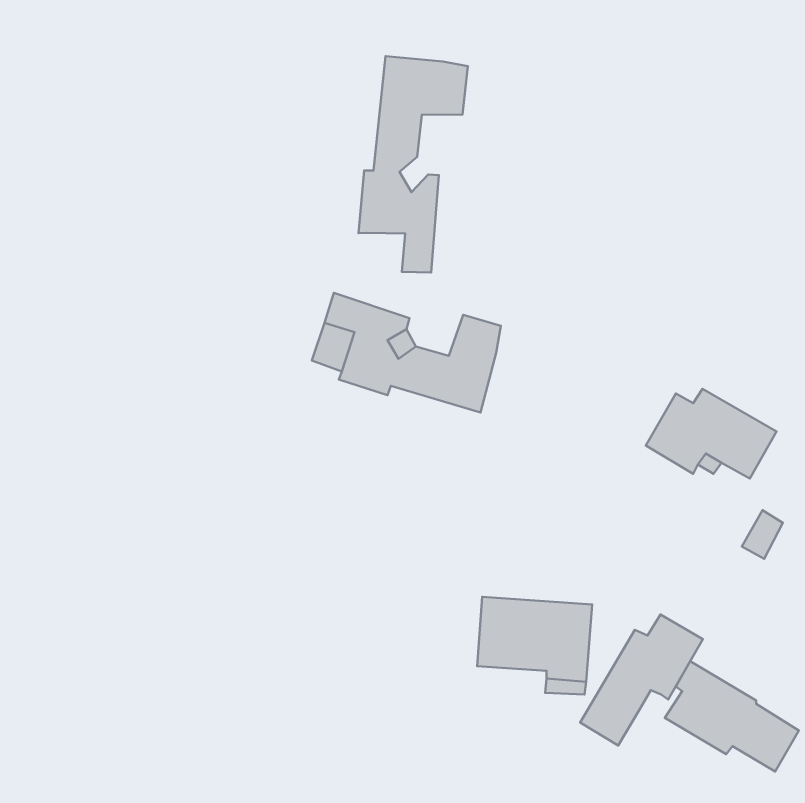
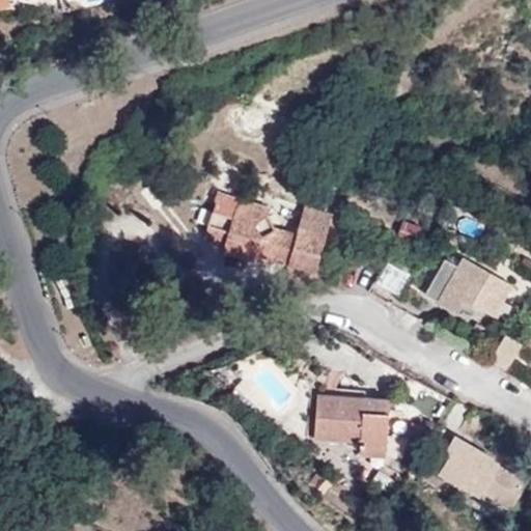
building: [359,56,468,272] -> none
building: [580,614,703,745] -> none

